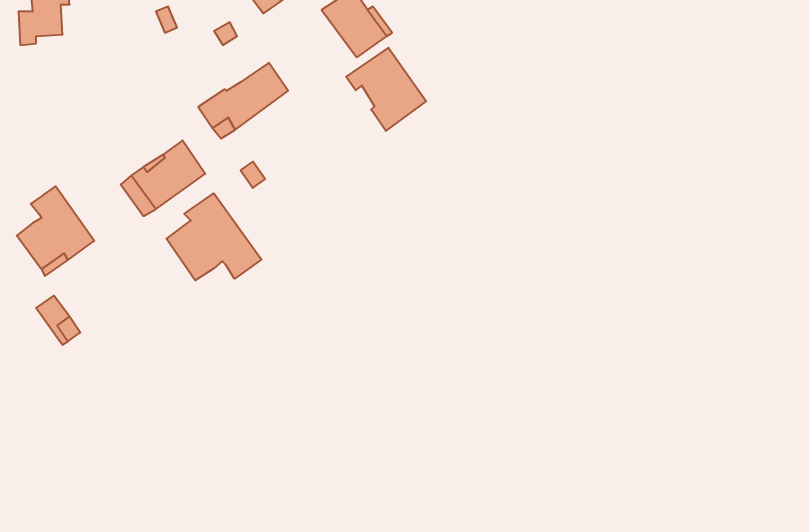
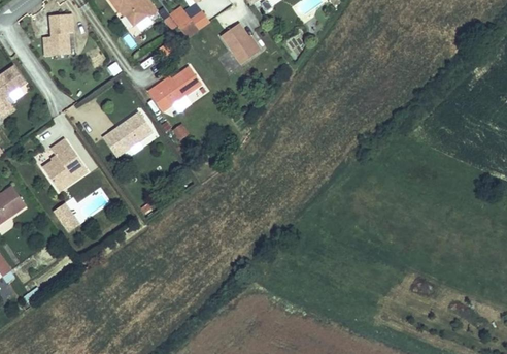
building: [346,48,426,131] -> none
building: [166,193,261,280] -> none

